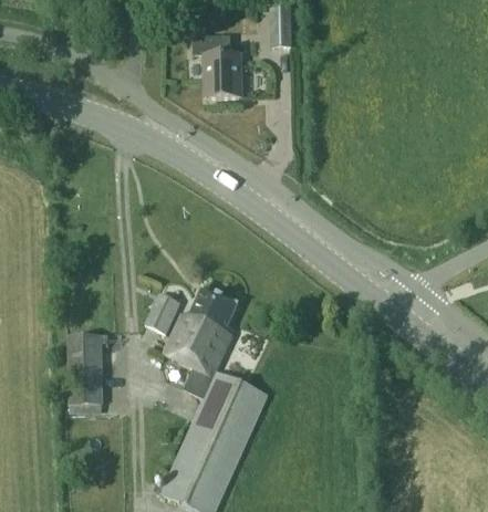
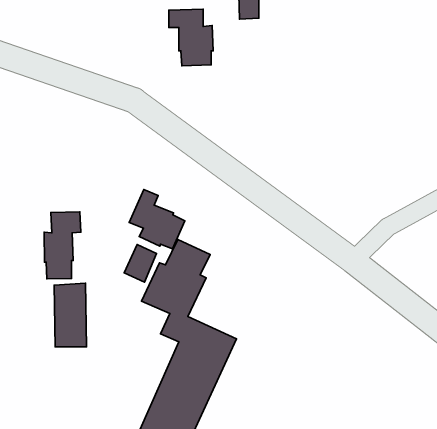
building: none -> [129,190,185,249]
building: none -> [44,212,81,279]

